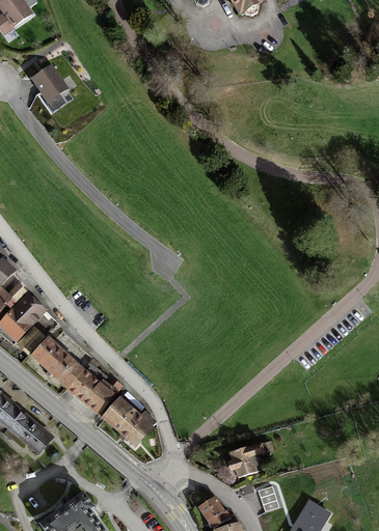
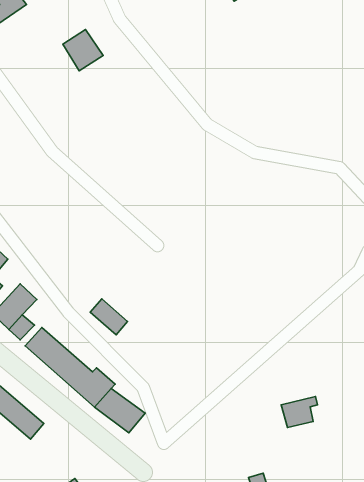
building: [31,65,72,107] -> [63,30,103,71]
building: none -> [90,299,128,335]
building: [228,444,265,475] -> [281,397,317,428]

